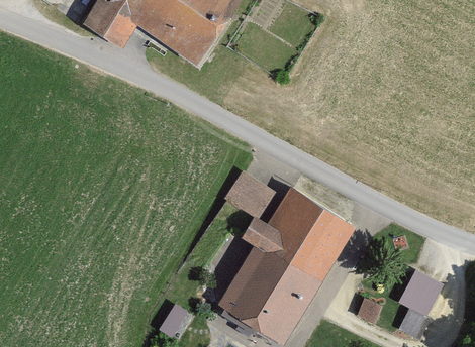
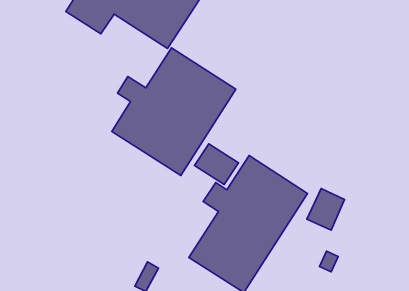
building: none -> [112,48,236,176]
building: [400,271,443,318] -> [307,189,345,230]

